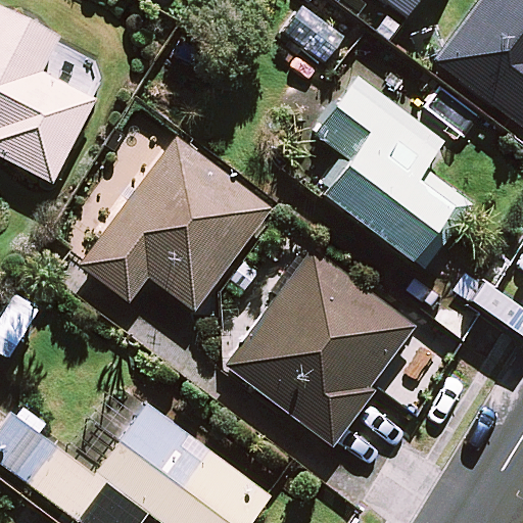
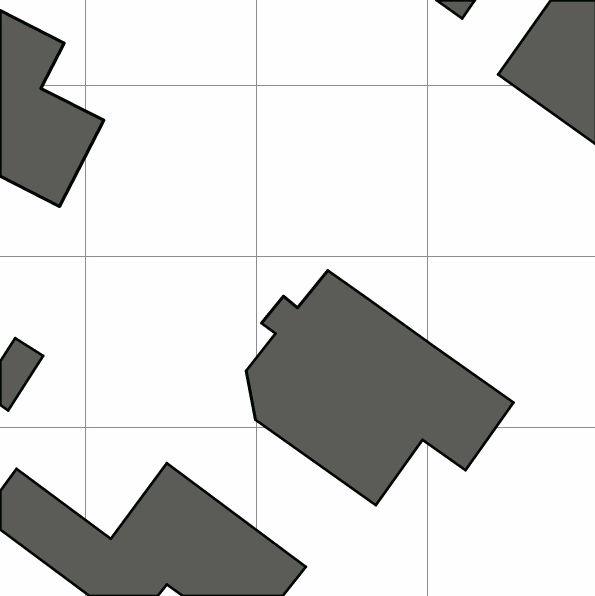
building: [316,61,469,269] -> none
building: [82,141,269,311] -> none

